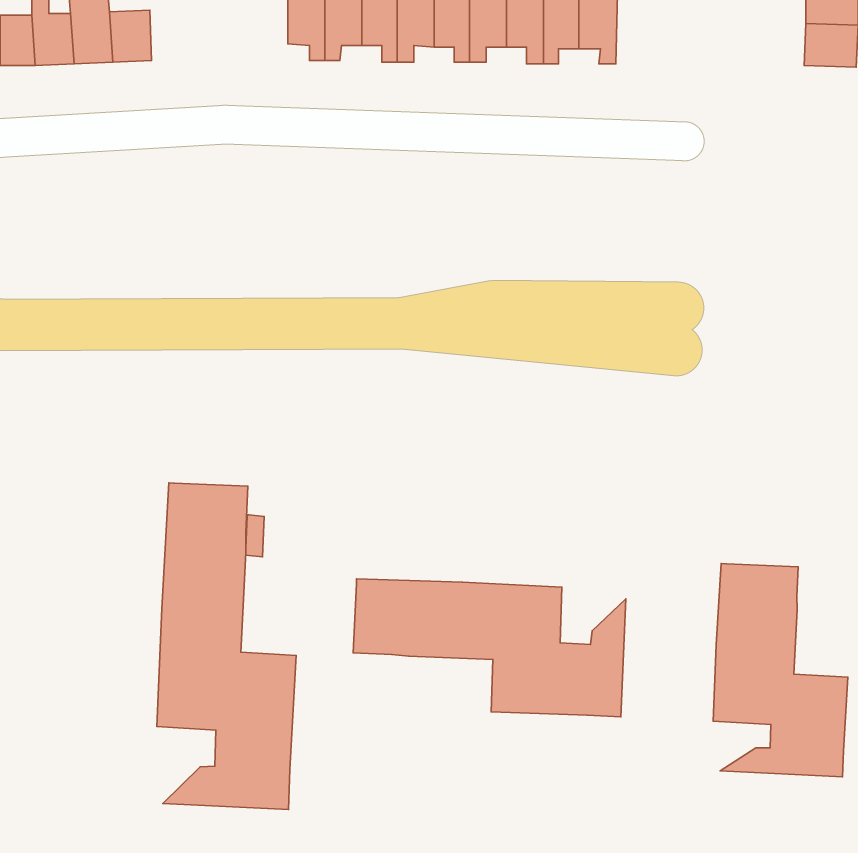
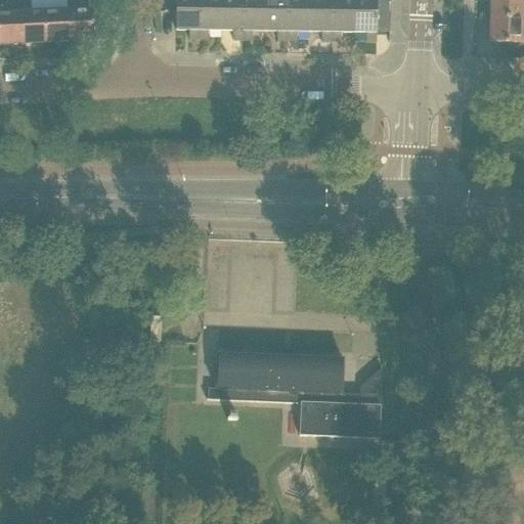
building: [157,483,296,810] -> none
building: [713,563,848,777] -> none

